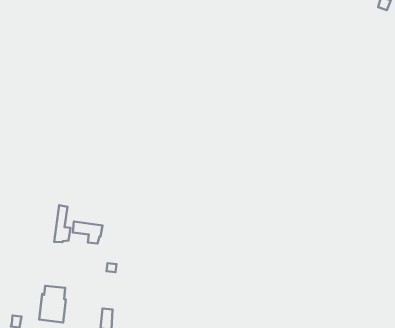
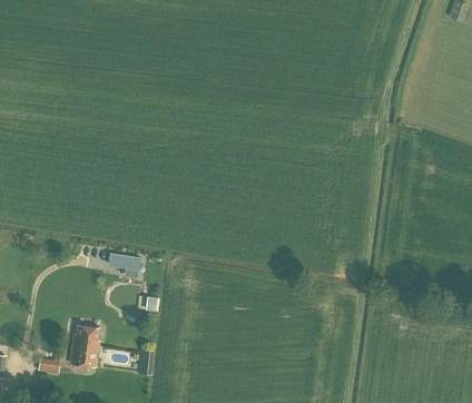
building: [54,205,70,242] -> none

